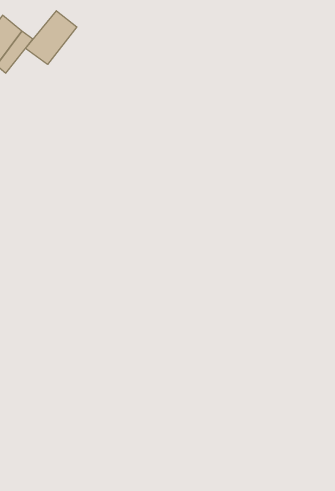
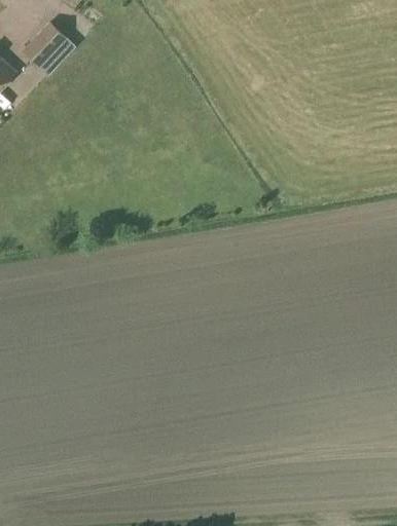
building: [26,11,77,64] -> none

